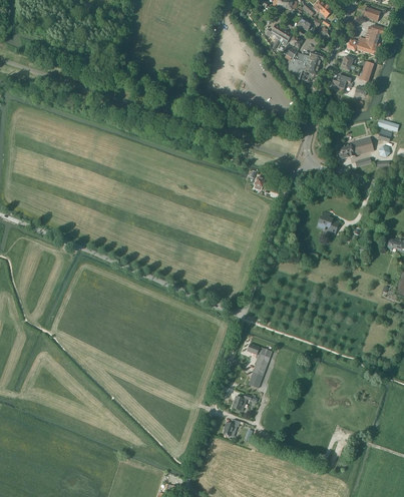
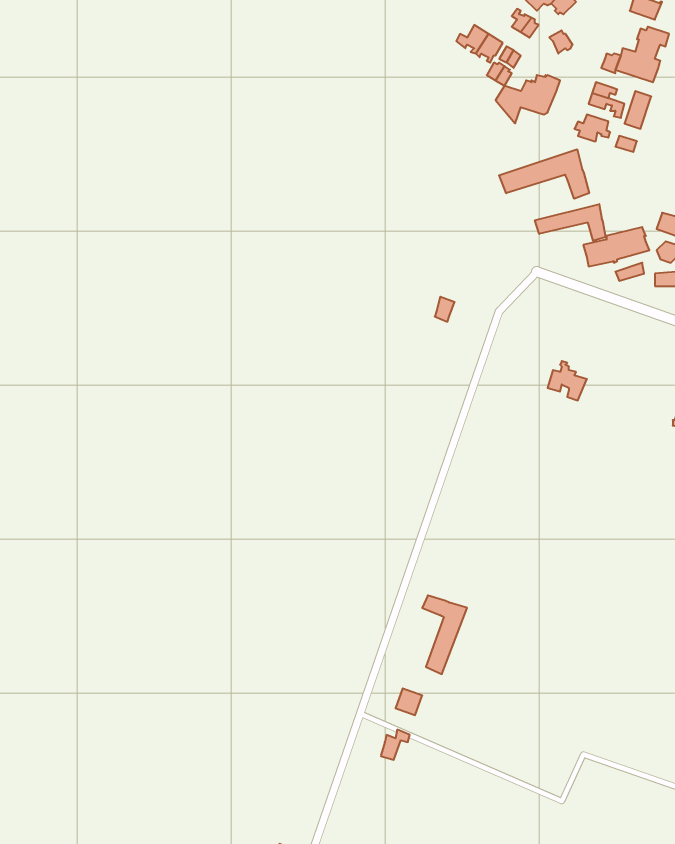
building: none -> [499,149,589,199]
building: none -> [535,204,605,241]

